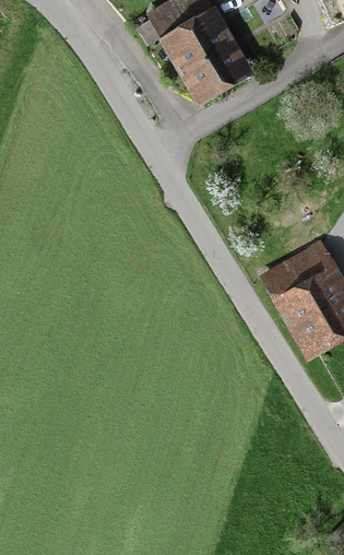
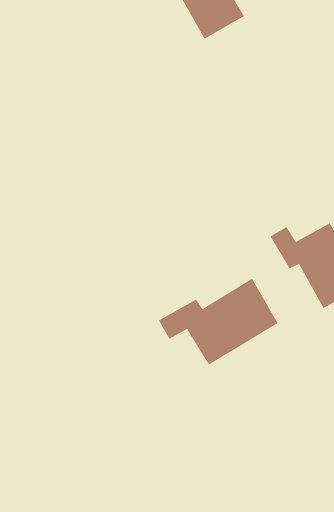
building: none -> [158,278,279,365]

